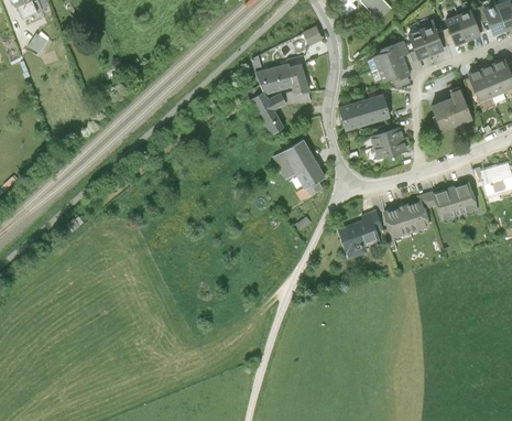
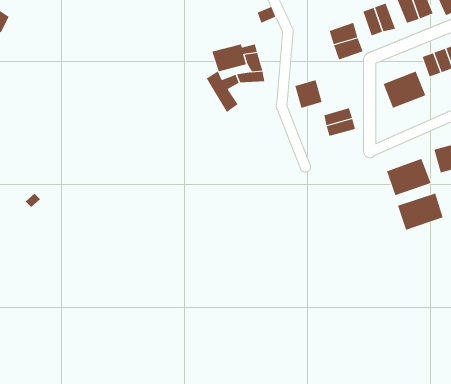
building: [362,94,392,123] -> none
building: [274,140,328,193] -> none
building: [385,199,433,238] -> [397,193,443,230]
building: [338,217,385,260] -> none

